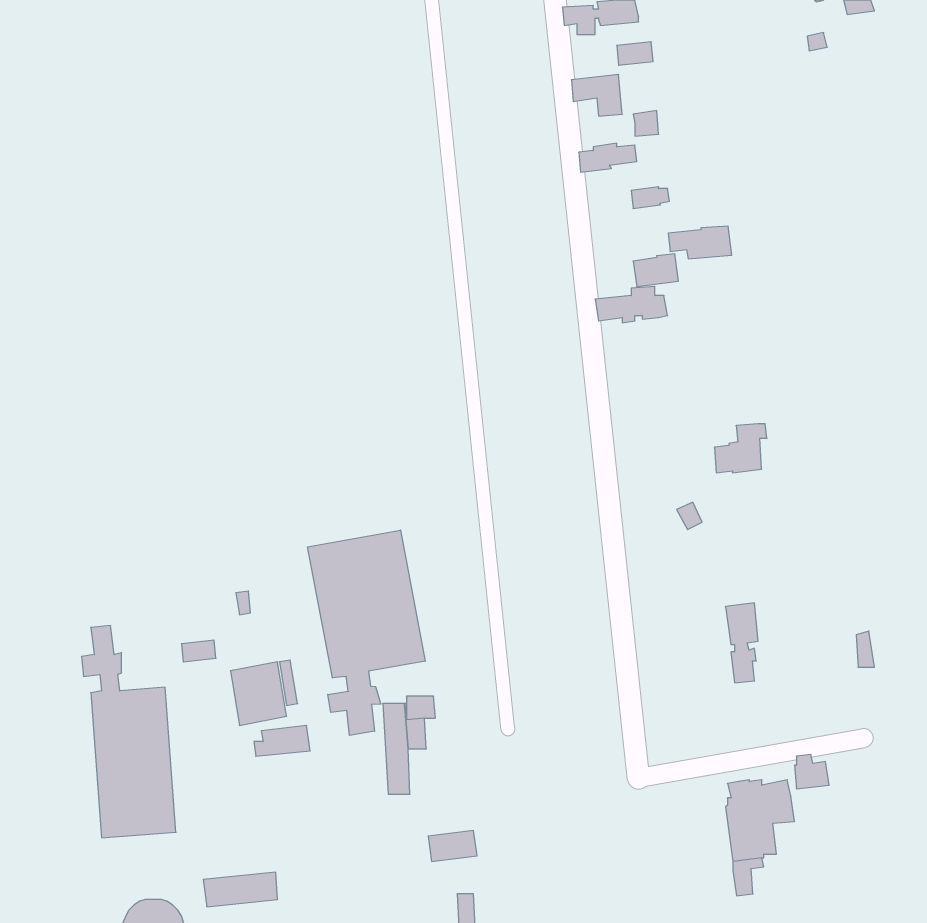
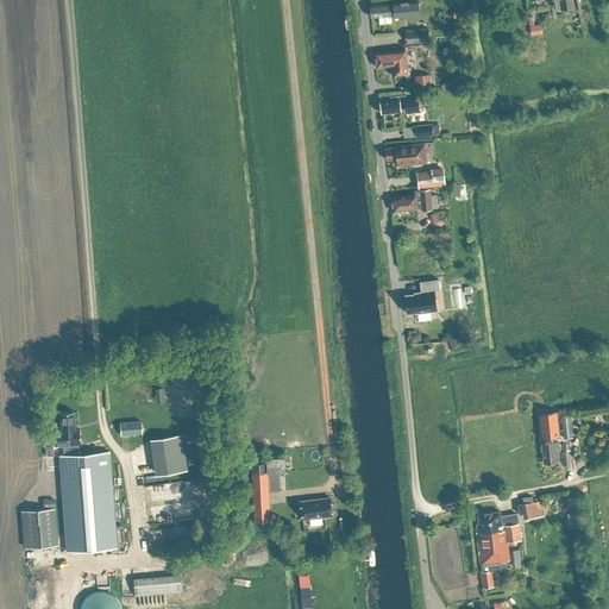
building: [668,226,732,259] -> [384,145,426,167]
building: [714,424,767,473] -> [404,282,439,314]
building: [308,530,425,735] -> none
building: [725,603,758,683] -> [538,413,559,465]
building: none -> [21,509,57,548]
building: [428,831,477,861] -> [299,500,331,520]

